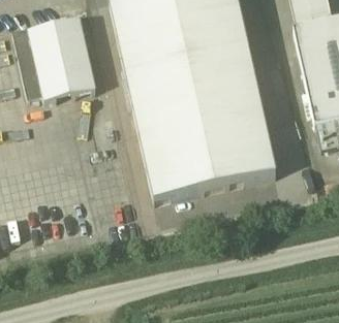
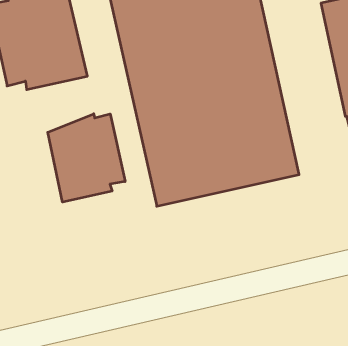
building: none -> [48,114,125,202]

